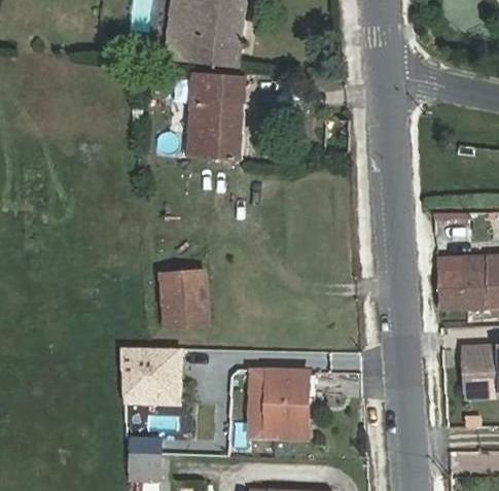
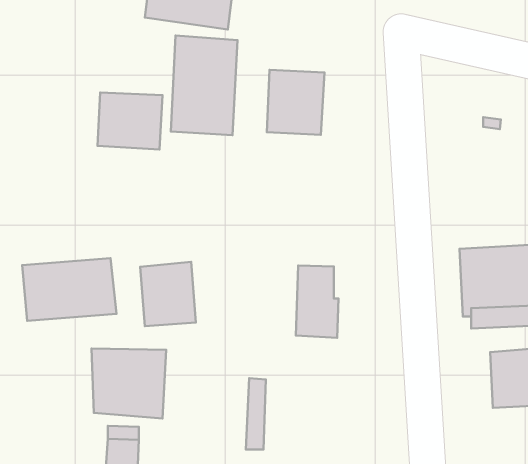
building: none -> [267,70,325,135]
building: none -> [98,93,162,150]
building: none -> [22,258,116,321]
building: [268,371,305,433] -> [296,265,338,338]

